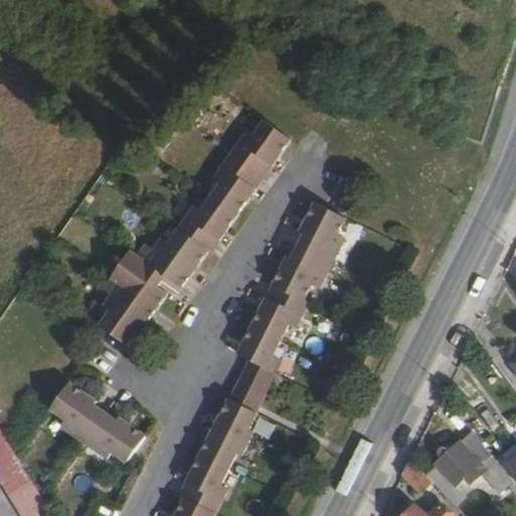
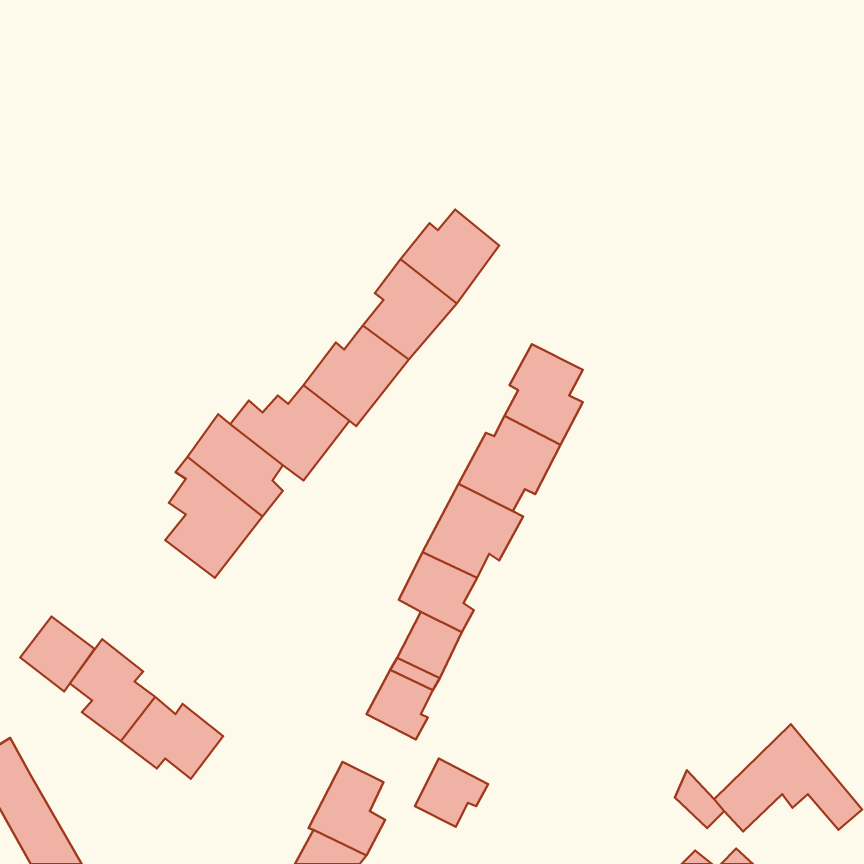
building: none -> [20,617,95,691]
building: [203,422,246,463] -> [415,759,488,827]

